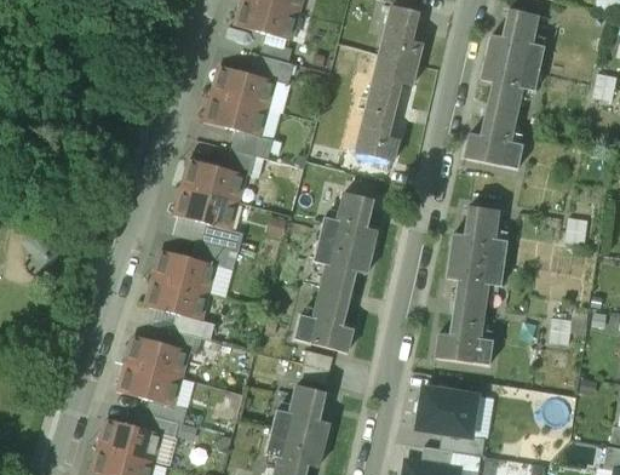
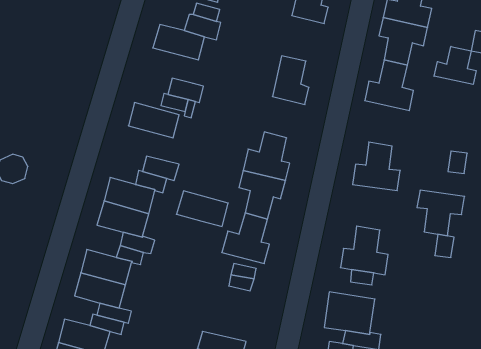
building: [367,55,418,109] -> none
building: none -> [434,46,476,84]
building: [206,93,268,136] -> none
building: [176,187,237,229] -> [176,191,228,226]
building: [448,257,505,311] -> [417,190,465,236]
building: [272,387,329,445] -> none

